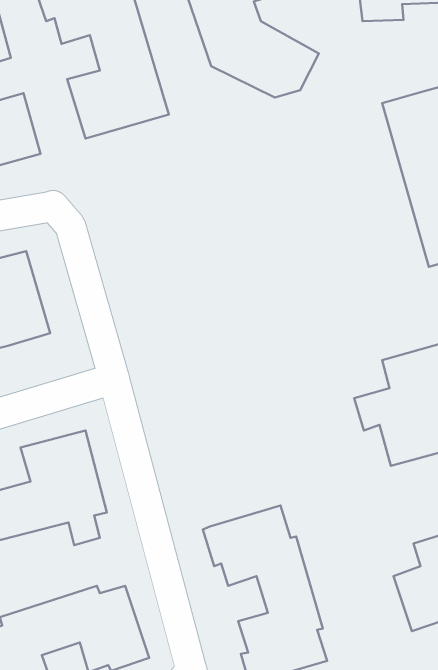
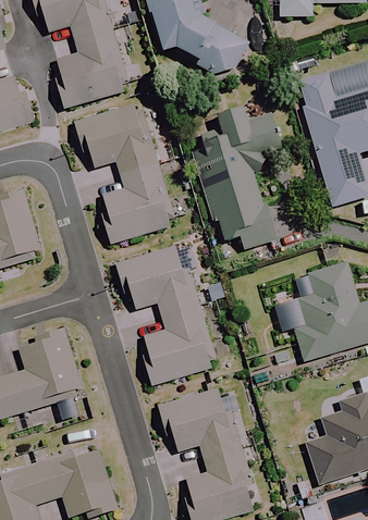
building: none -> [76,104,187,243]
building: none -> [193,108,281,250]
building: none -> [115,246,216,383]

